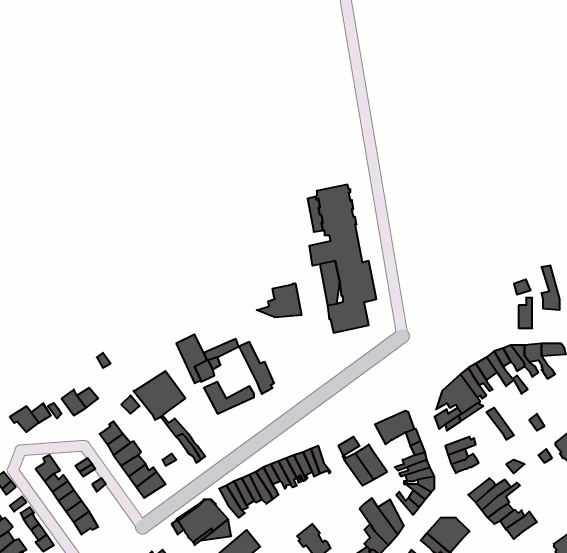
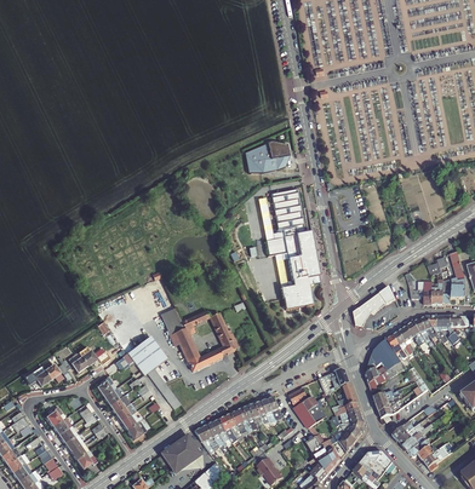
building: none -> [242,142,288,173]
building: [257,283,302,317] -> none
building: none -> [351,287,394,328]

